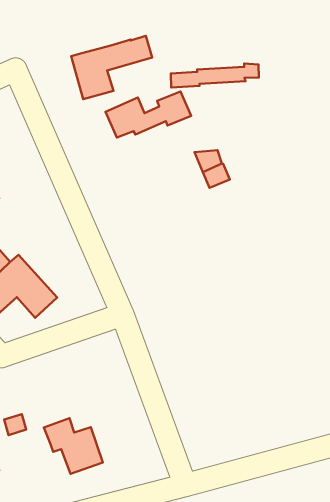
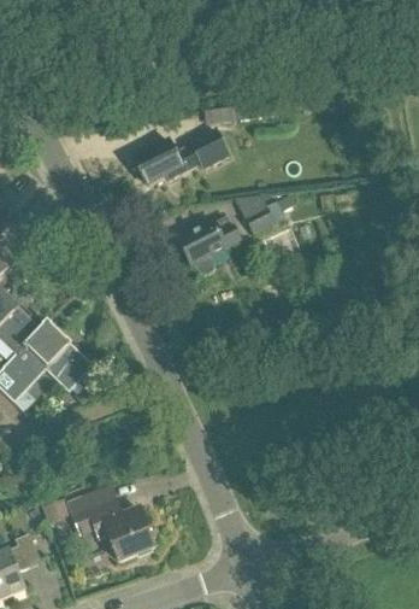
building: [71,36,152,99] -> none
building: none -> [181,217,242,276]

